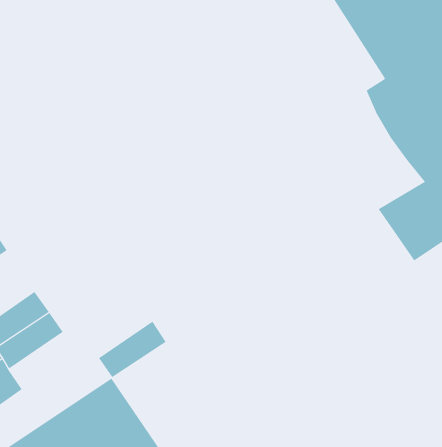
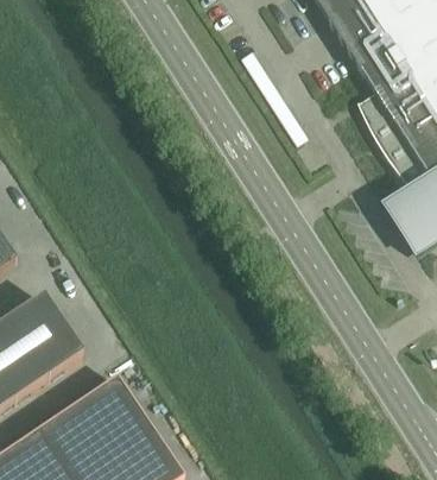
building: [98,321,167,378] -> [17,333,82,387]

